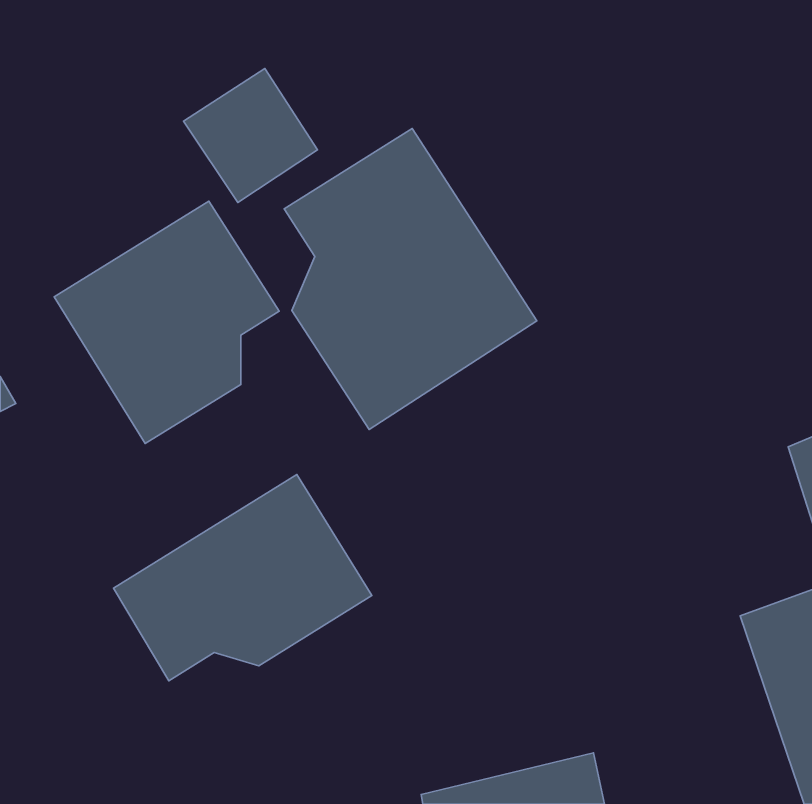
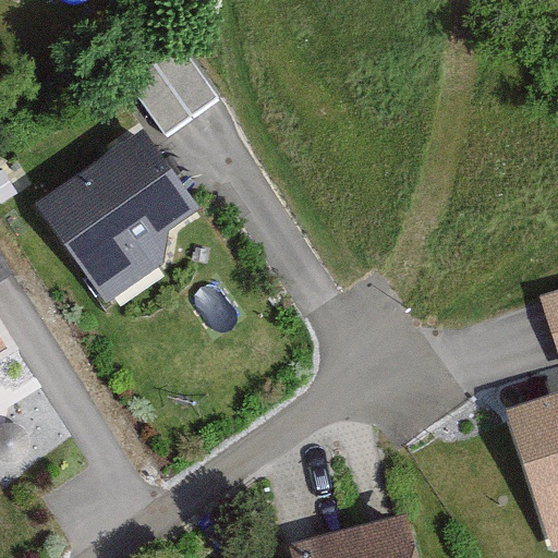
building: [284,128,537,429] -> none
building: [114,474,372,681] -> none

